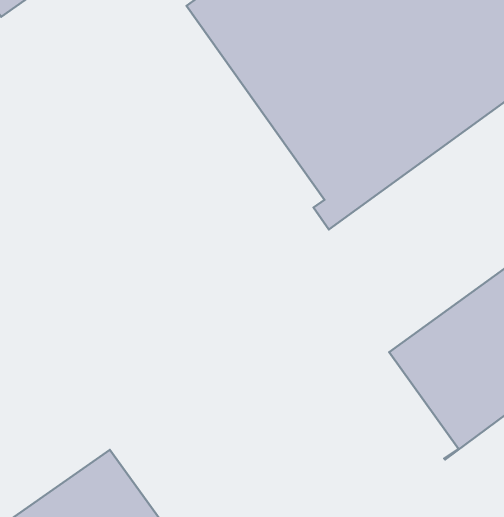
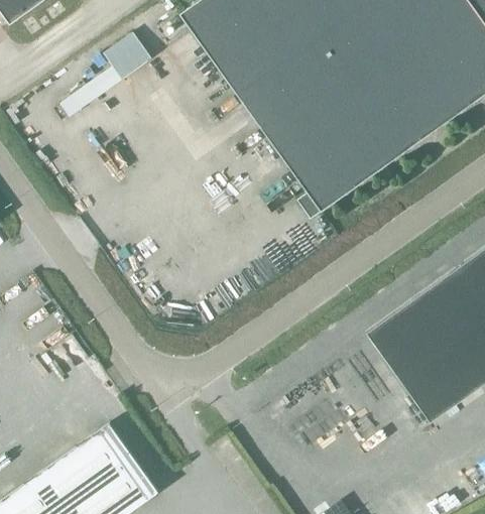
building: none -> [60,31,152,117]

